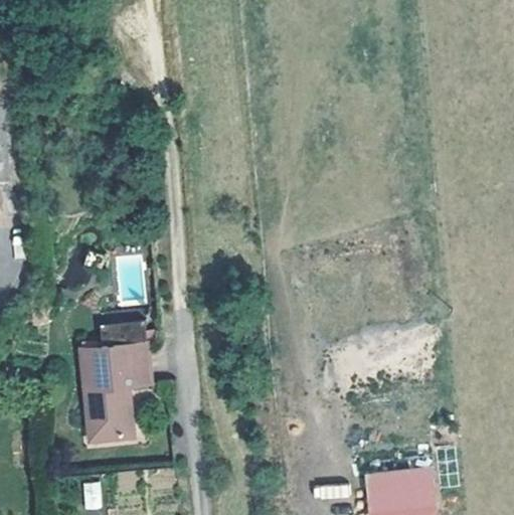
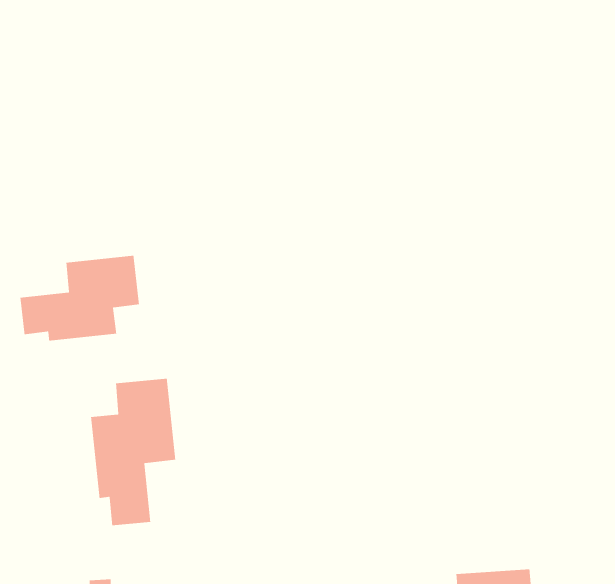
building: none -> [19,255,140,342]

